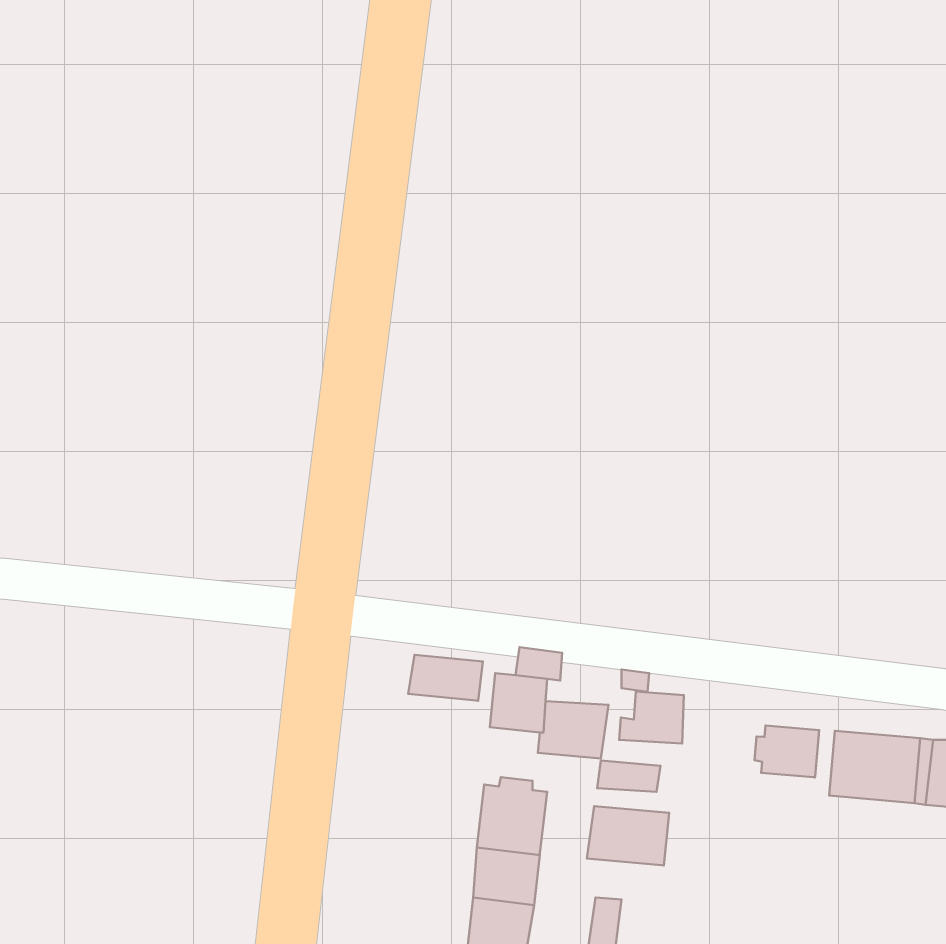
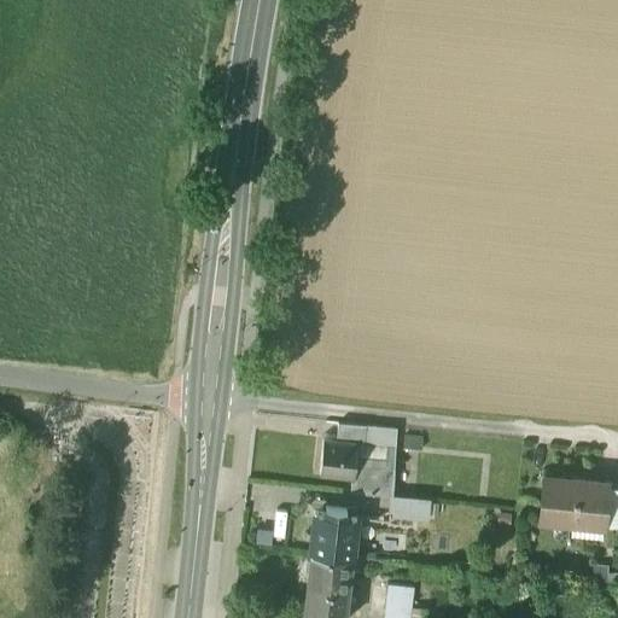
building: [408,655,483,701] -> none
building: [619,692,684,743] -> [356,427,398,461]
building: [754,725,819,778] -> none
building: [587,806,669,866] -> none

